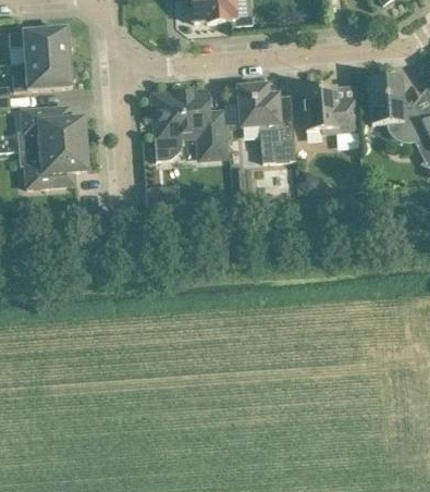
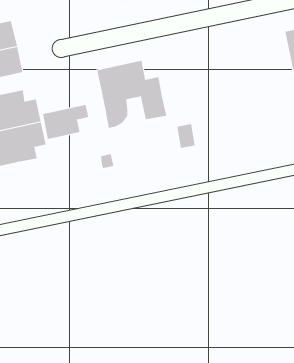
building: [239,86,297,161] -> none
building: [304,86,360,132] -> none
building: none -> [43,104,89,140]

